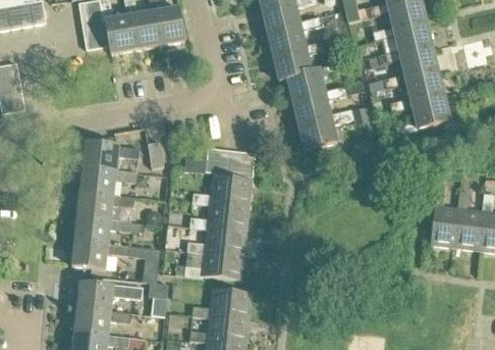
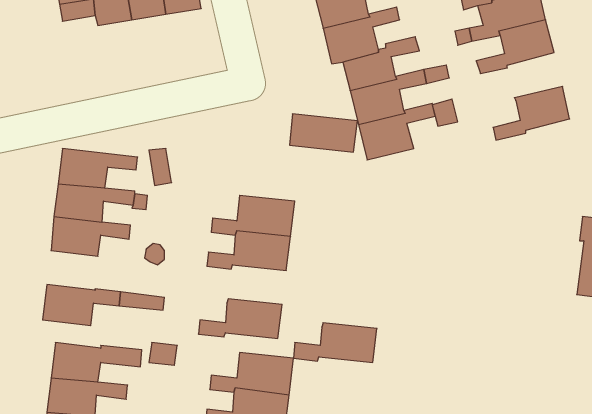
building: [389,73,445,113] -> none
building: [206,149,255,177] -> [290,114,358,152]
building: [431,182,460,248] -> none
building: [74,216,131,245] -> none
building: [186,227,246,255] -> [293,323,377,362]

